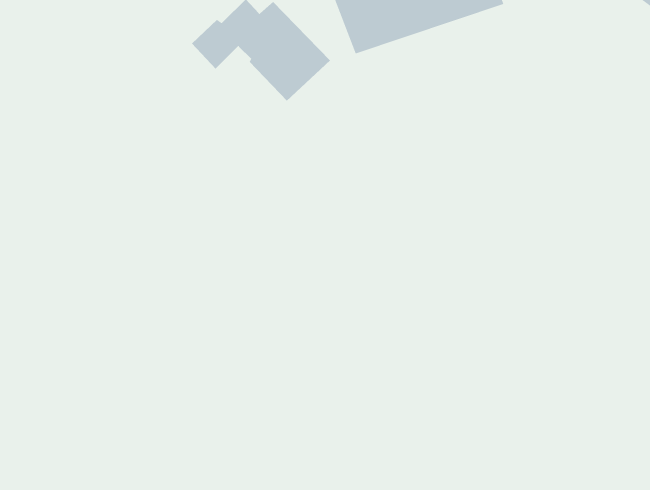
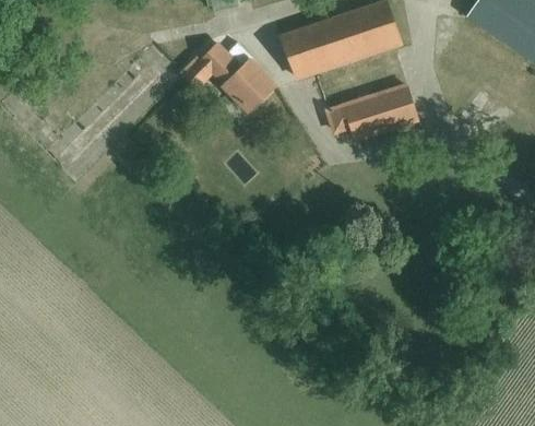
building: none -> [323,82,419,143]

